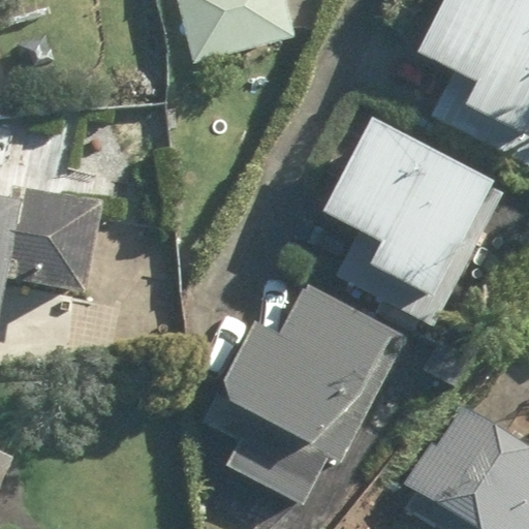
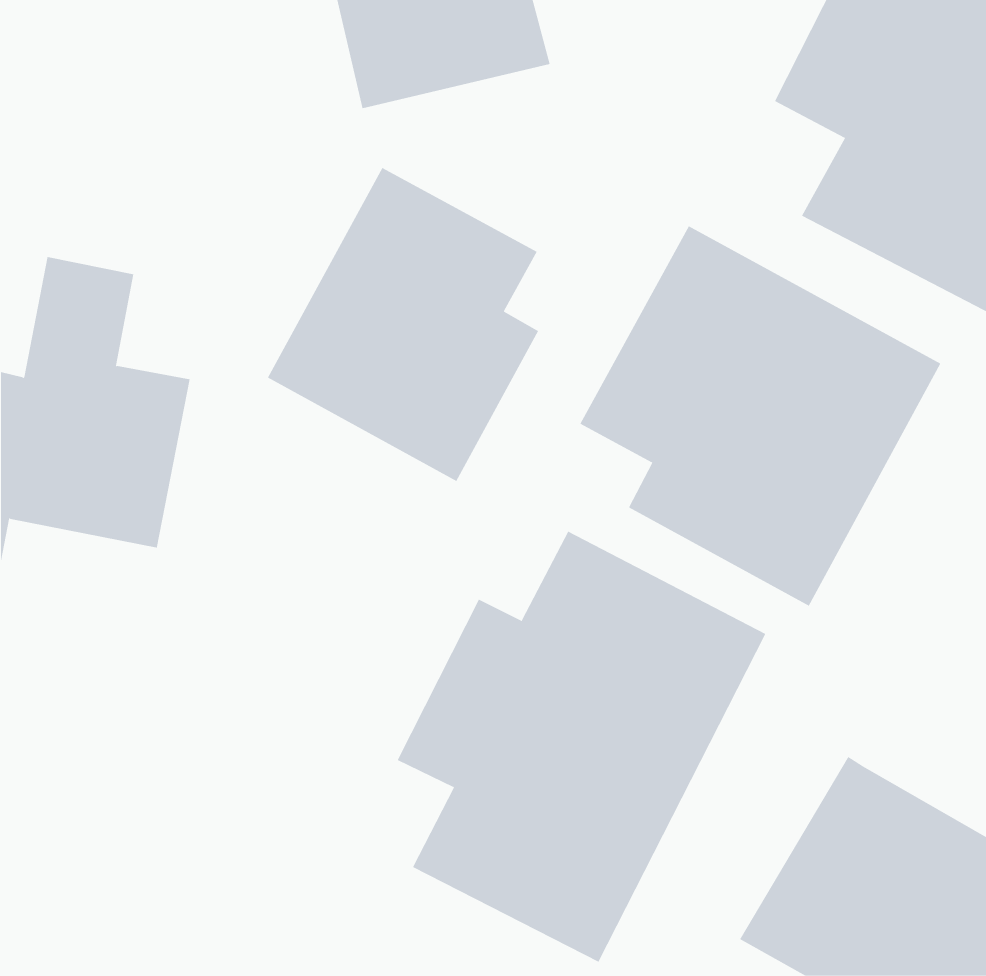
building: none -> [267,167,539,482]

